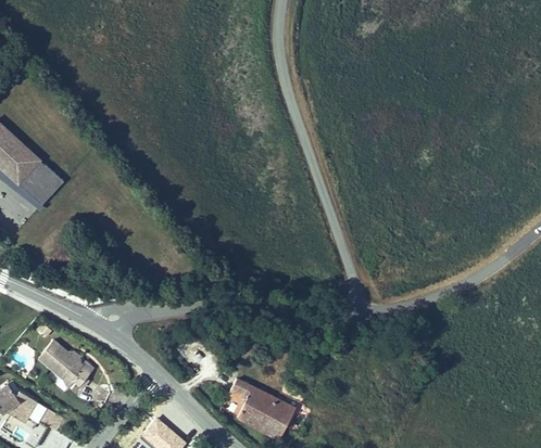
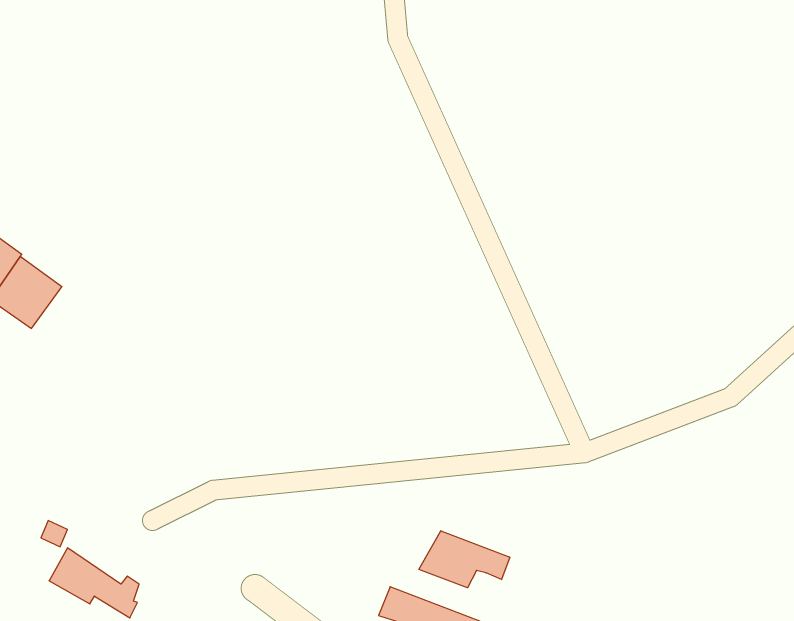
building: none -> [419,531,510,588]

